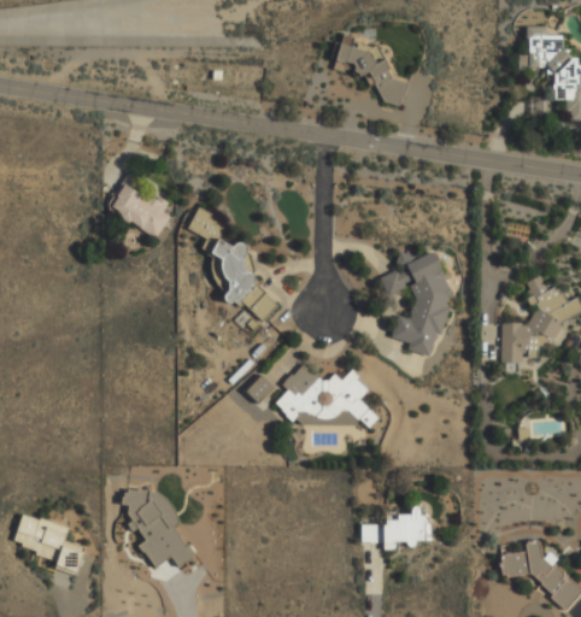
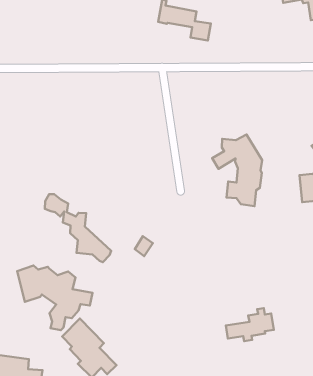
building: [107,178,170,236] -> none
building: [189,208,276,319] -> [45,194,111,262]
building: [275,363,380,428] -> none
building: none -> [17,266,93,330]

